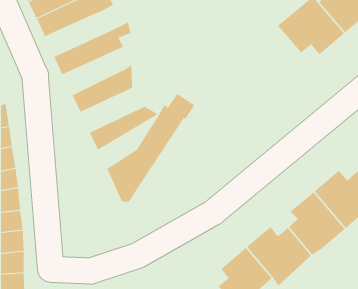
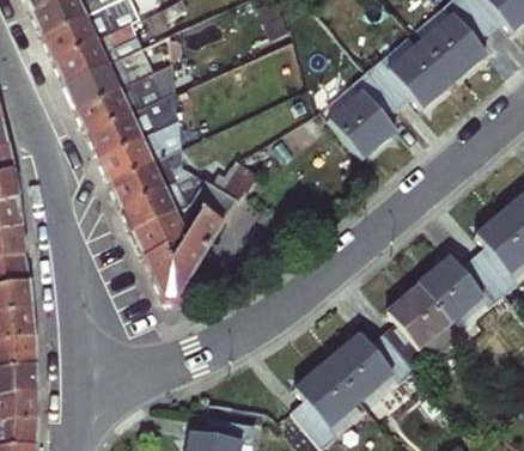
building: none -> [61,47,153,109]
building: none -> [328,68,397,156]
building: none -> [84,91,175,159]
building: none -> [108,150,193,208]
building: none -> [130,184,211,256]

